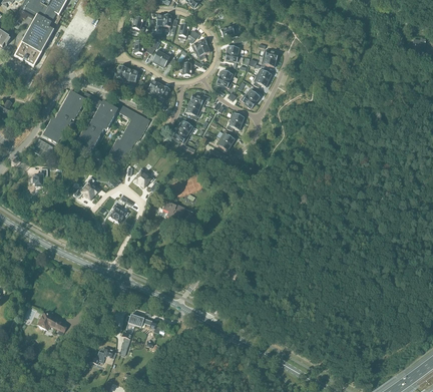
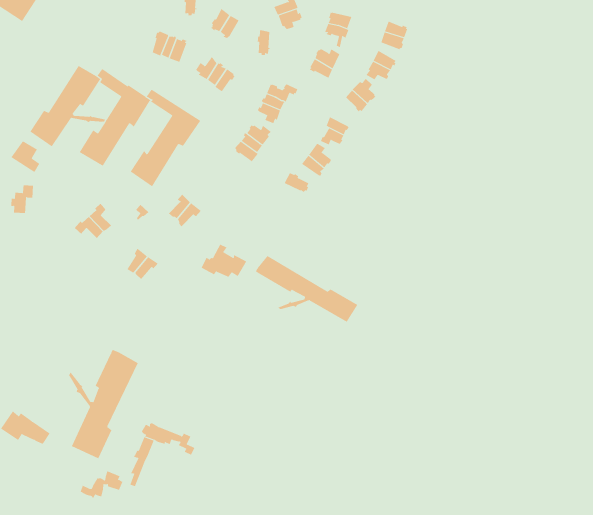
building: none -> [255,255,358,322]
building: none -> [69,349,138,459]

